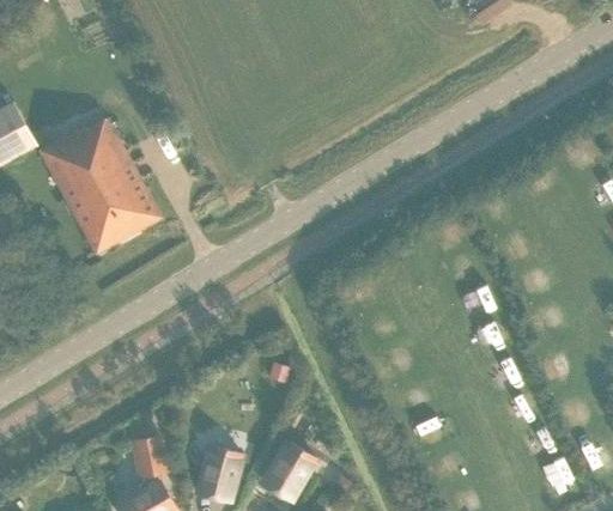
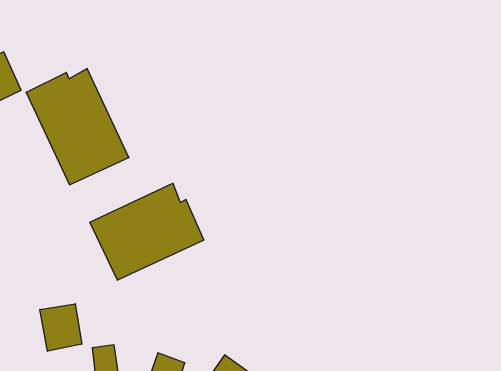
building: none -> [90,183,204,280]
building: none -> [40,304,82,351]

